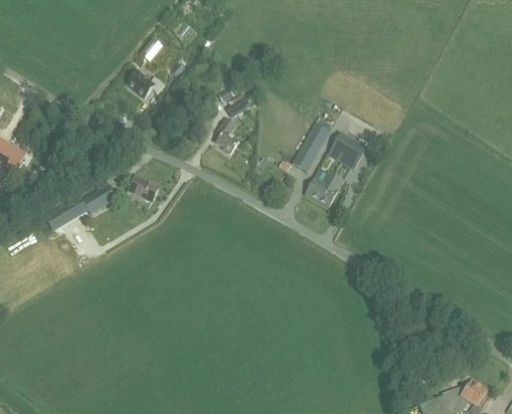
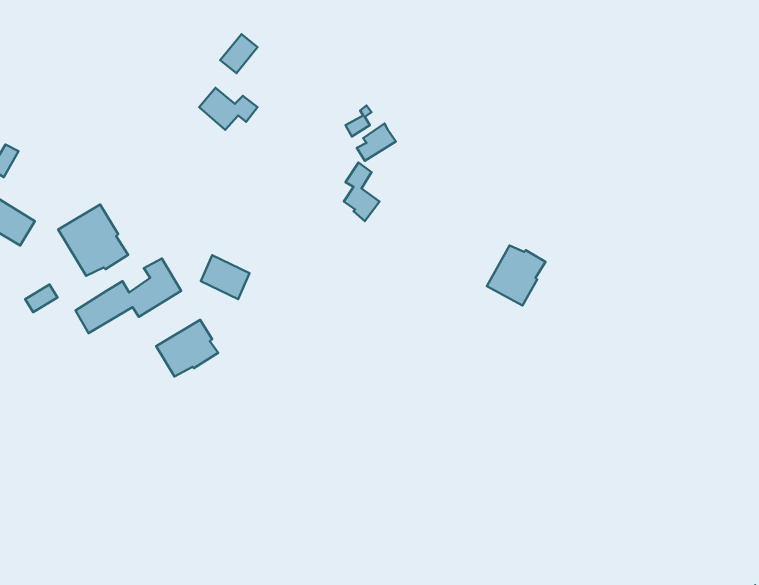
building: [293,124,329,171] -> none
building: [328,133,366,169] -> none
building: none -> [58,205,128,276]
building: none -> [156,320,218,376]

